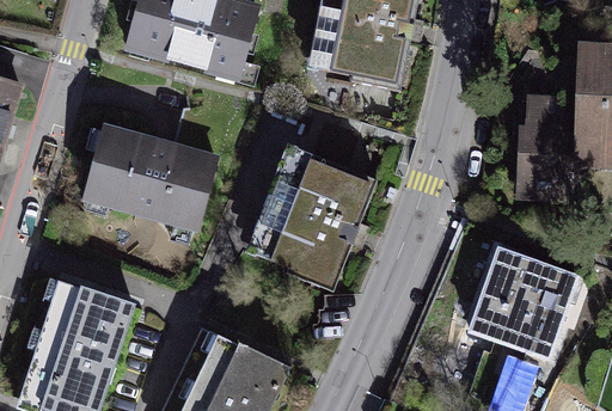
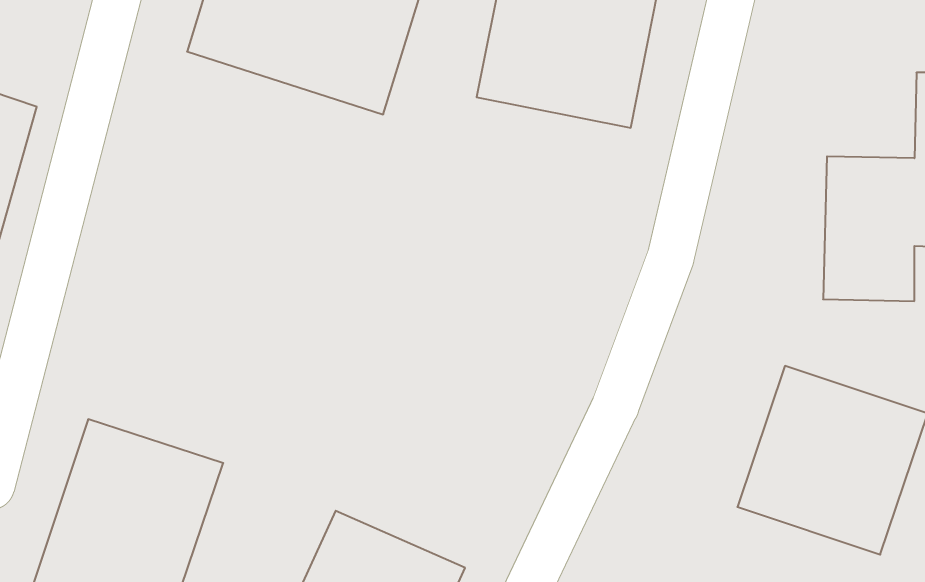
building: [73,116,220,234] -> none
building: [249,154,369,281] -> none

